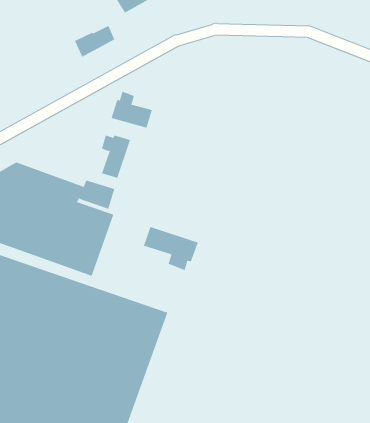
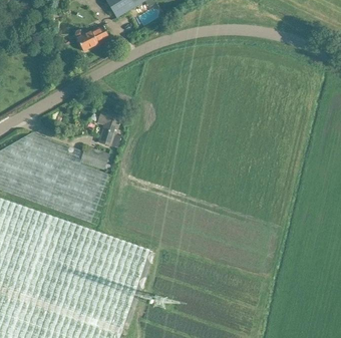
building: [111,91,153,128] -> none
building: [143,226,198,271] -> none

